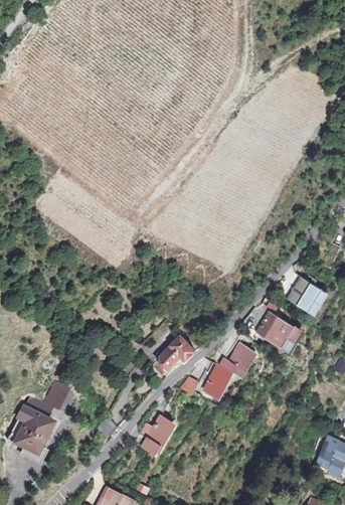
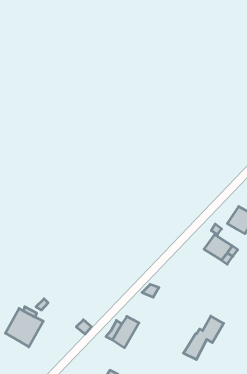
building: [155,336,195,373] -> none
building: [205,343,255,397] -> [183,316,224,360]

